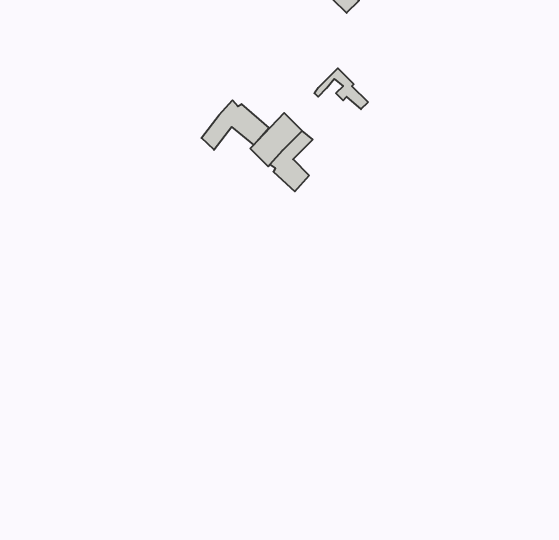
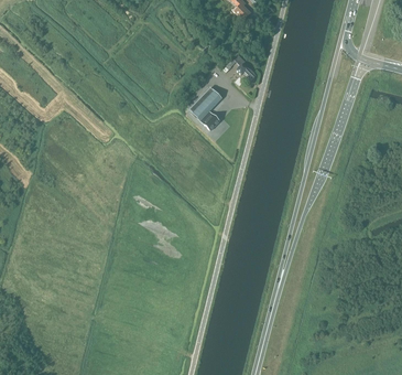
building: [201,100,269,150] -> none

